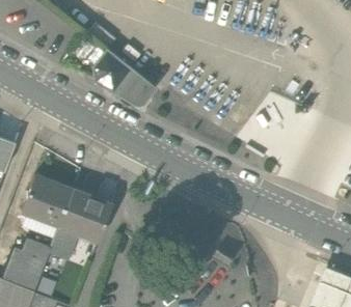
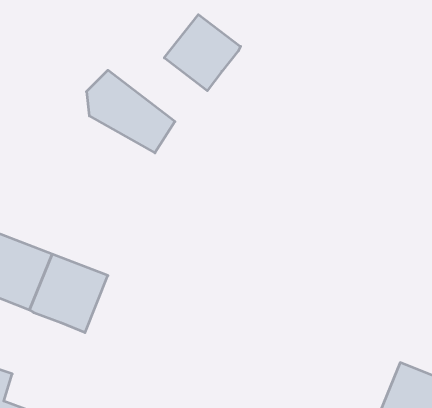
building: none -> [164,15,241,91]
building: [50,228,80,264] -> none

